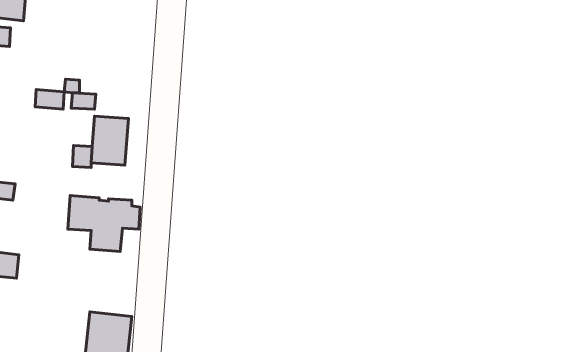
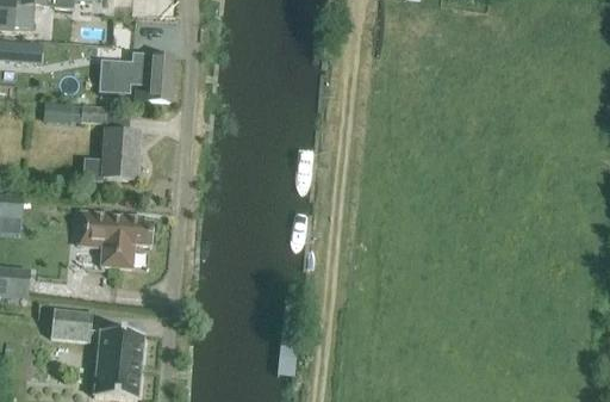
building: none -> [98,51,173,99]
building: none -> [50,308,92,339]

